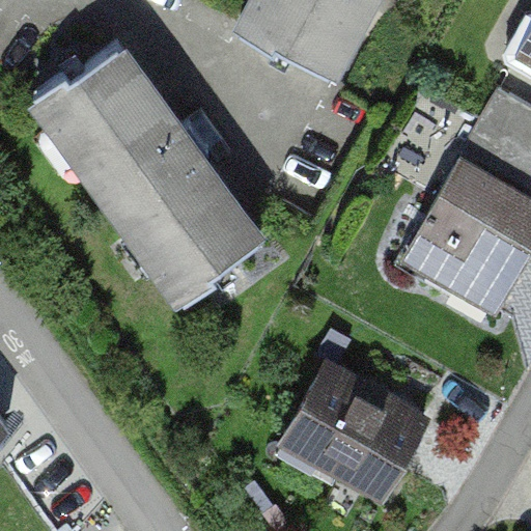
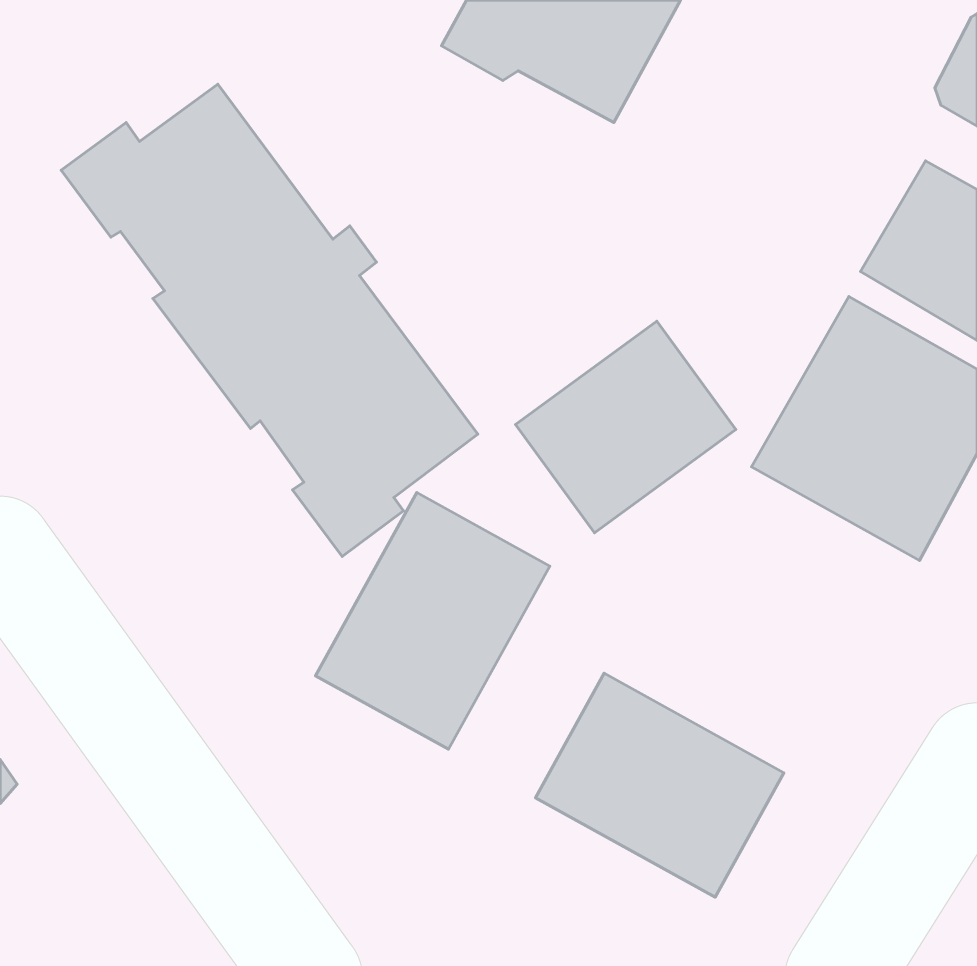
building: none -> [516,321,736,533]
building: none -> [316,493,550,749]

